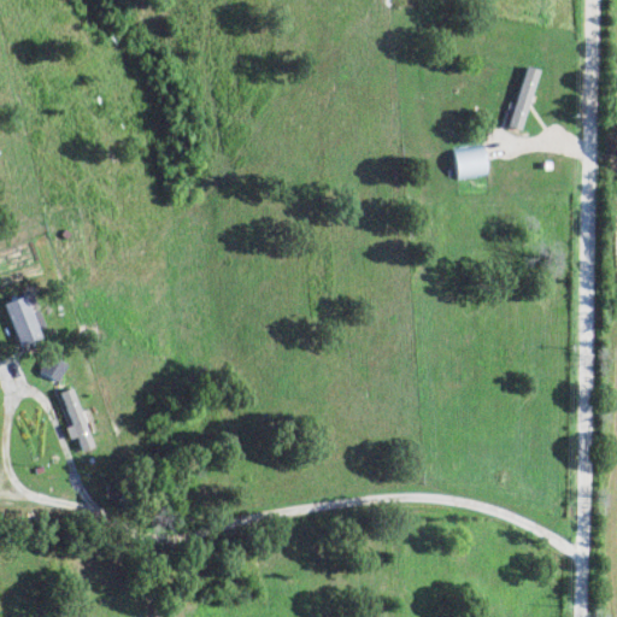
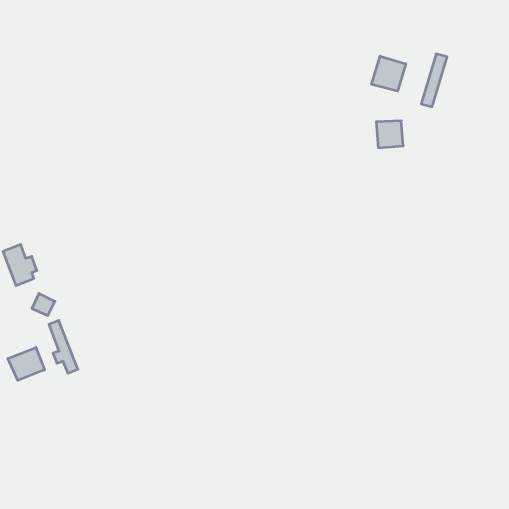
building: none -> [372,56,406,91]
building: none -> [8,347,45,380]

